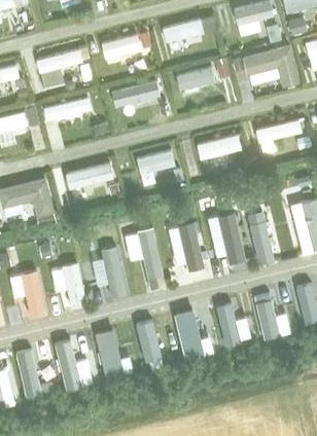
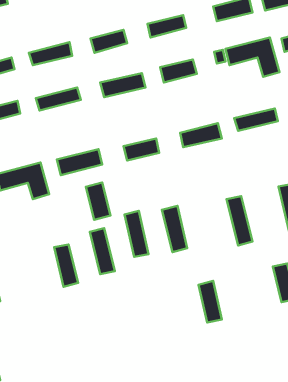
building: none -> [86,183,111,220]
building: [217,214,245,264] -> none
building: [20,271,46,319] -> none
building: [253,293,279,341] -> none
building: [174,312,204,364] -> none
building: [136,322,162,364] -> none
building: [95,331,124,383] -> none
building: [54,341,80,392] -> none
building: [15,350,41,400] -> none

